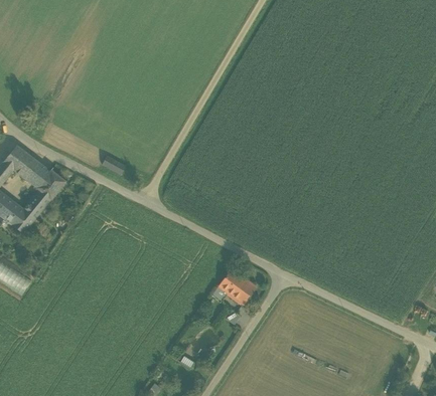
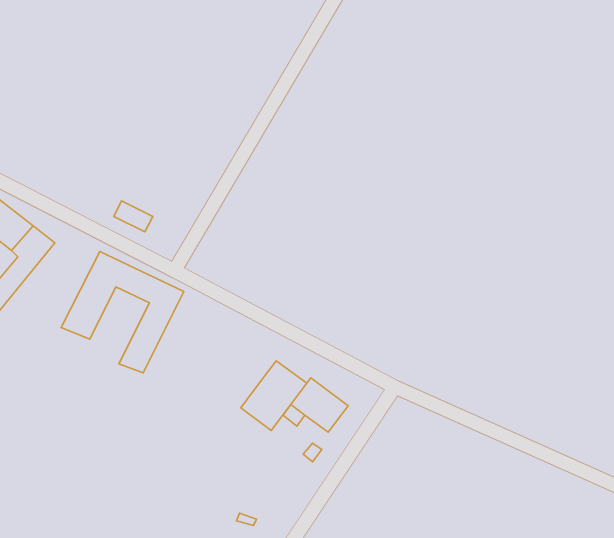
building: none -> [61,251,184,373]
building: none -> [241,361,307,430]

